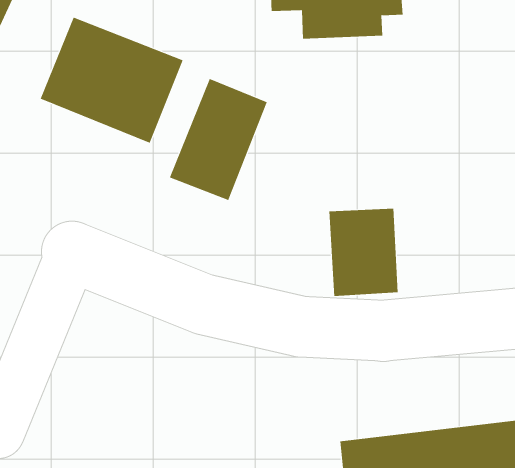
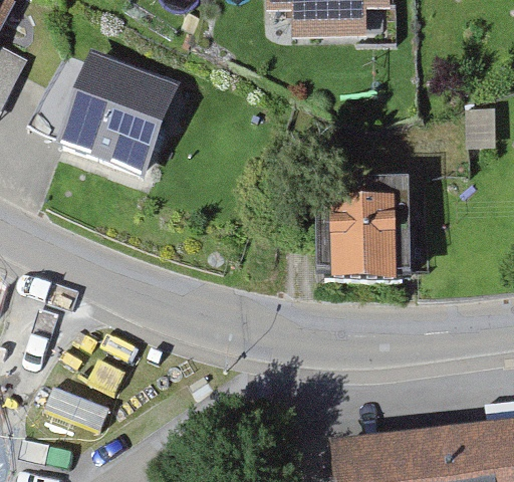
building: [169,78,268,201] -> none

